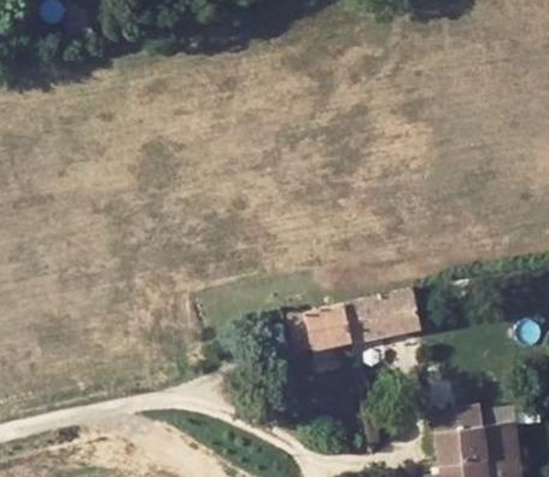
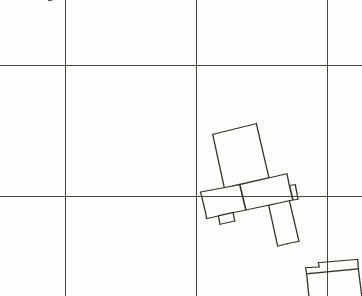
building: none -> [213,123,269,188]
building: none -> [269,201,299,246]

